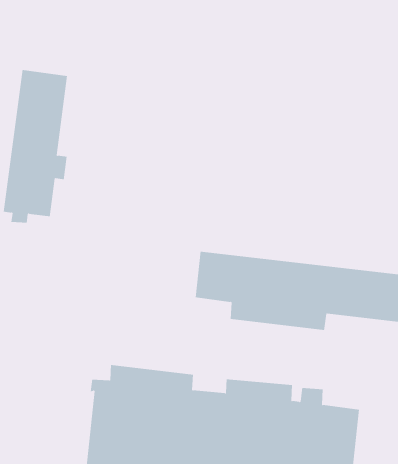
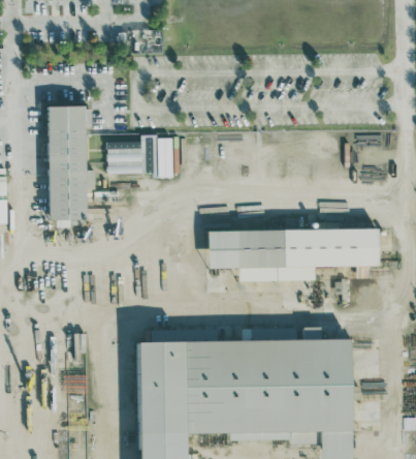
building: none -> [105,136,172,179]

